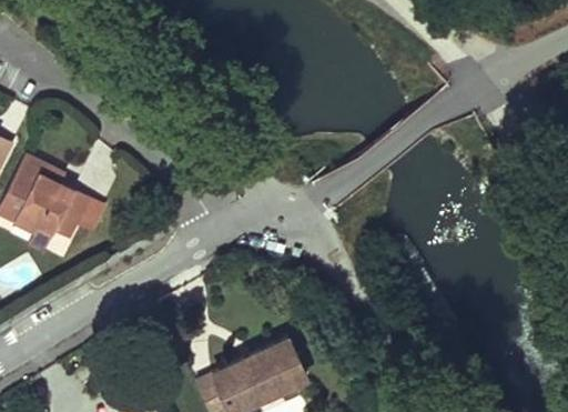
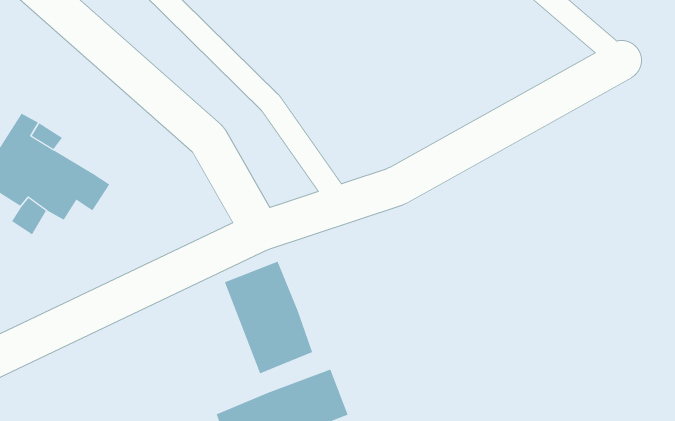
building: none -> [224,261,313,374]

